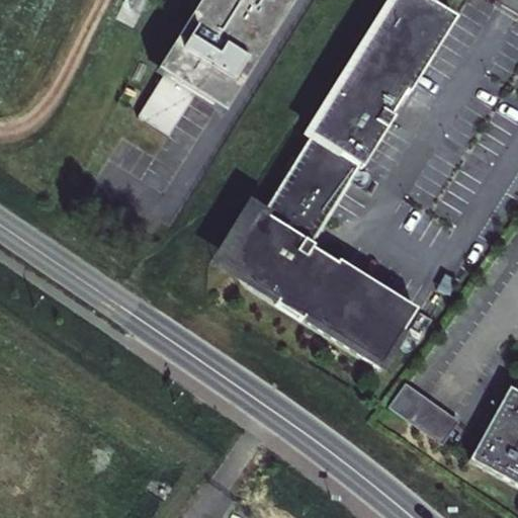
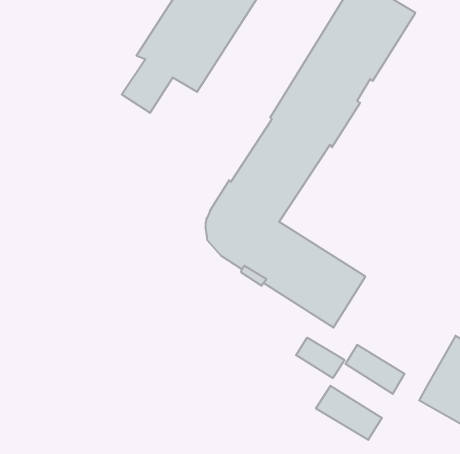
building: none -> [296,338,344,378]
building: none -> [316,386,382,440]

